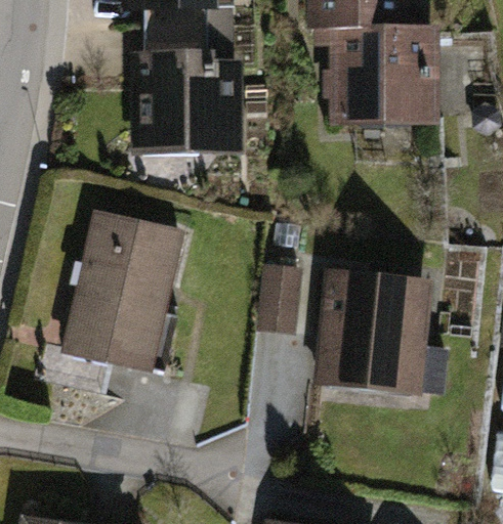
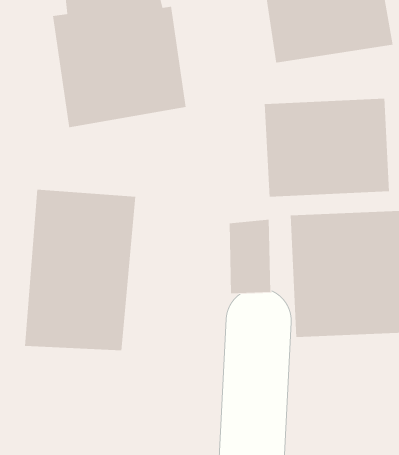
building: none -> [264,98,390,197]

